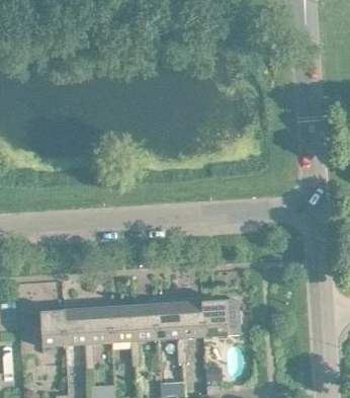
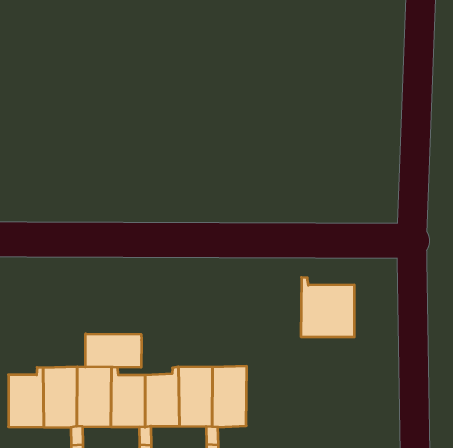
building: none -> [85,334,141,367]
building: [202,296,241,336] -> [301,277,354,337]

